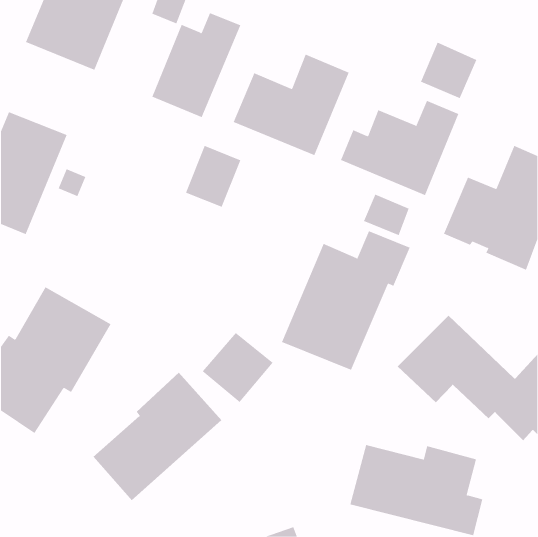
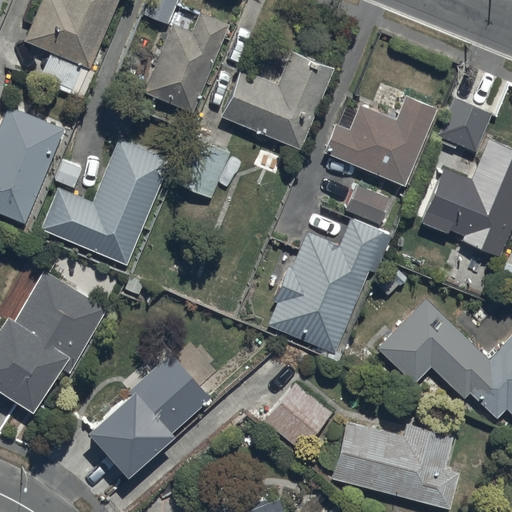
building: [420,42,477,99] -> [437,97,491,151]
building: none -> [40,138,170,265]
building: [202,332,273,403] -> [264,383,332,450]

